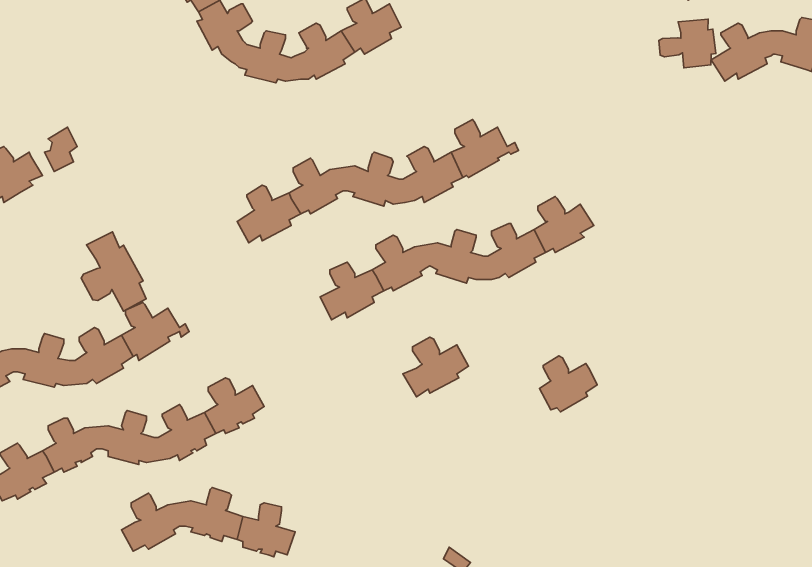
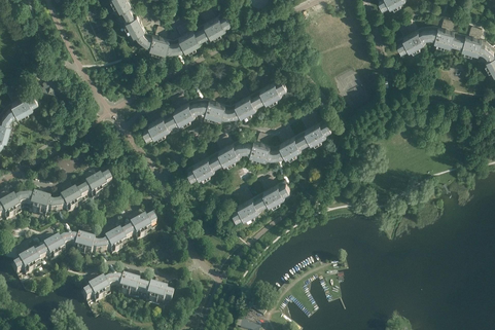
building: [659,19,716,68] -> none
building: [81,232,146,311] -> none
building: [539,356,597,412] -> [259,177,290,207]

